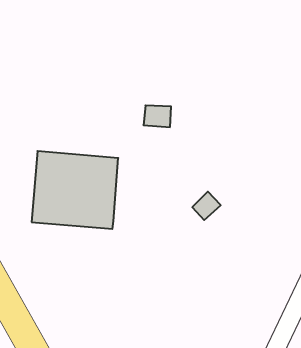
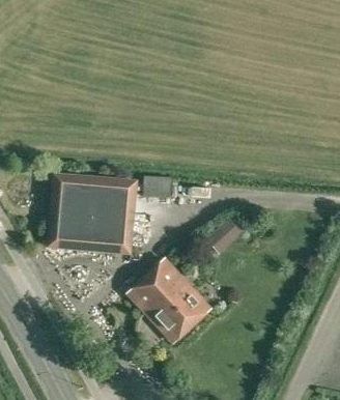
building: [143,105,171,127] -> [142,175,171,198]
building: none -> [128,258,210,342]

